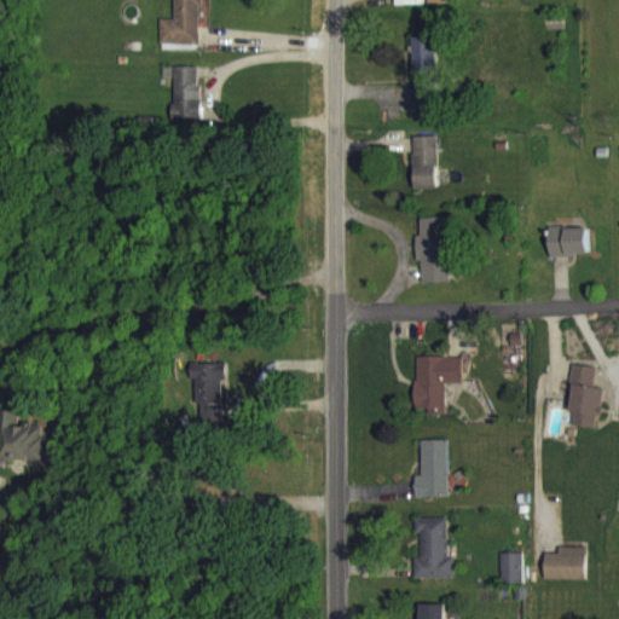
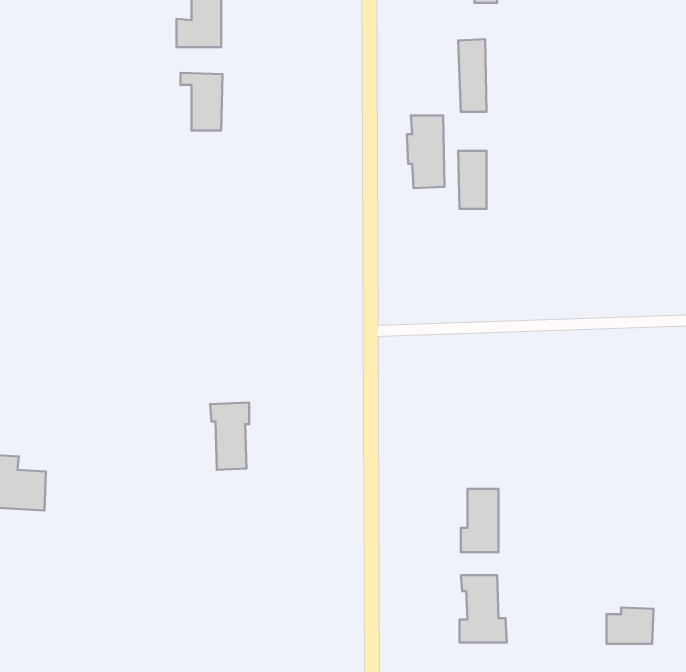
building: [415,216,449,282] -> [407,115,444,188]
building: [549,225,588,255] -> none
building: [413,355,462,413] -> none
building: [567,363,602,428] -> none
building: [498,551,521,583] -> none

